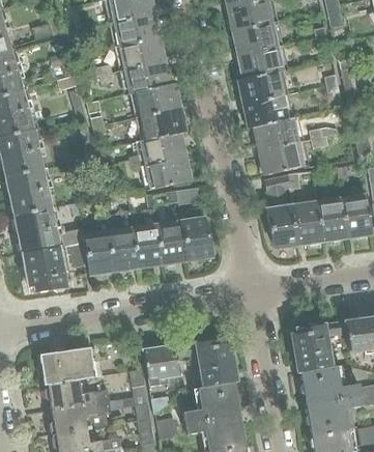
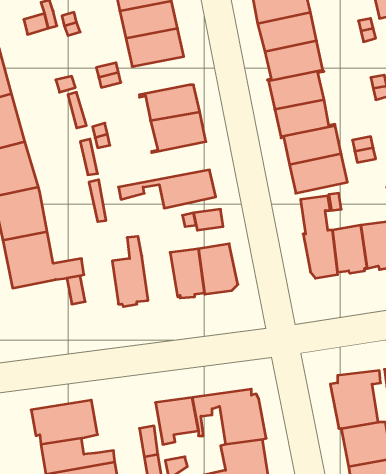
building: [123,59,172,91] -> none
building: [111,131,189,169] -> none
building: [132,209,162,266] -> none
building: [82,216,112,273] -> none
building: [23,247,66,290] -> none

